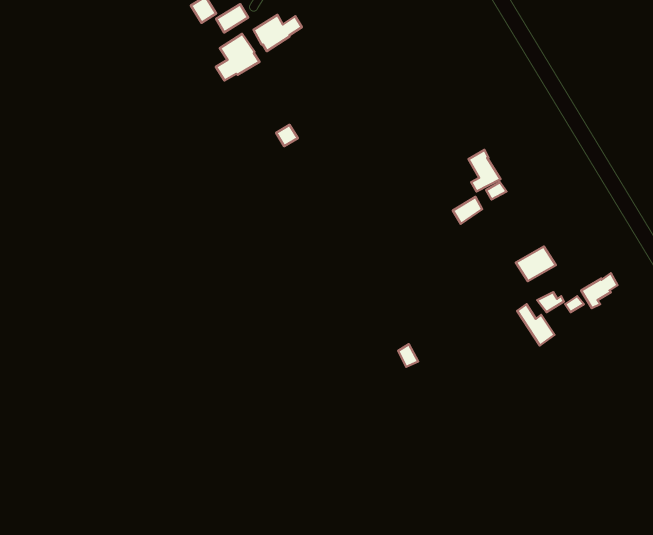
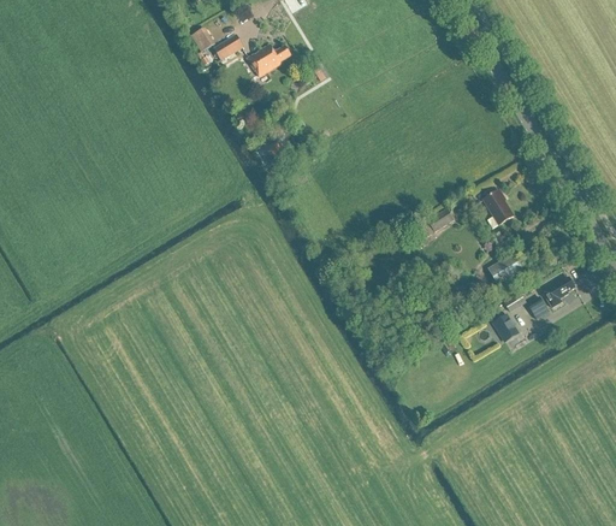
building: [216,34,259,81] -> none
building: [468,150,500,191] -> [486,190,515,227]

